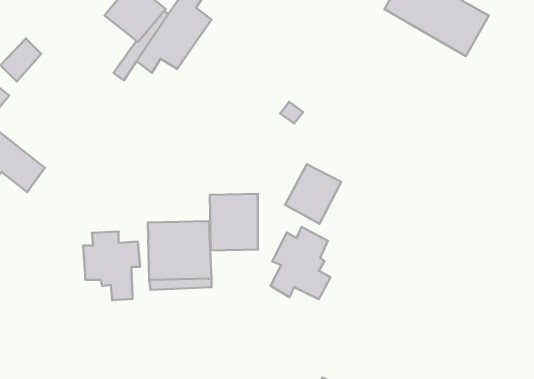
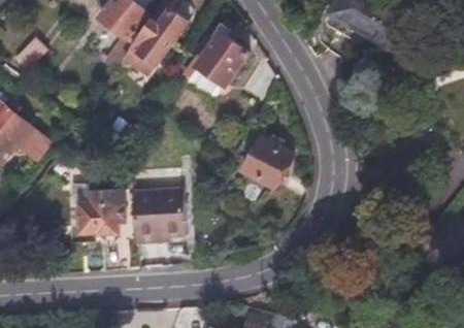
building: none -> [197,34,244,84]
building: [210,194,258,250] -> none
building: [271,227,330,299] -> none

